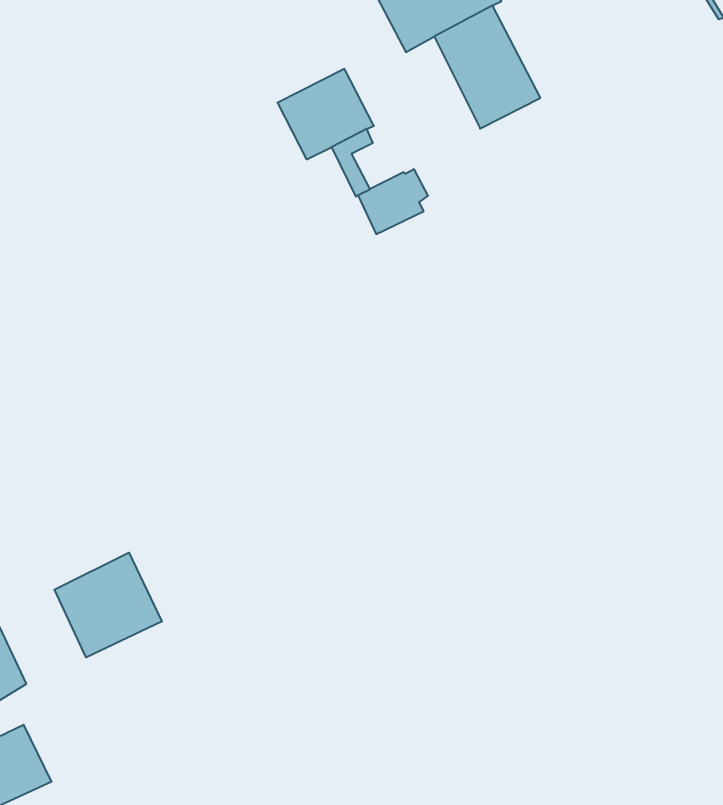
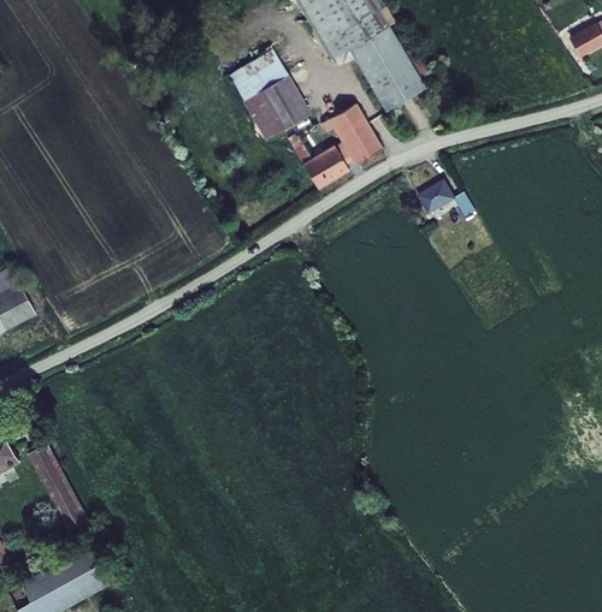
building: none -> [226,48,287,101]
building: none -> [319,102,382,165]
building: none -> [415,179,474,216]
building: [54,553,162,657] -> none

